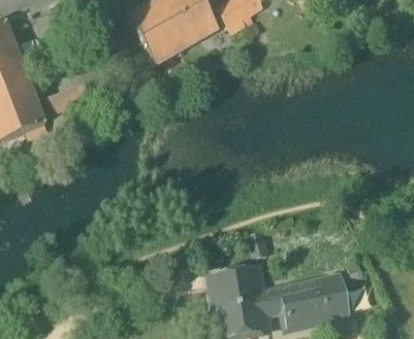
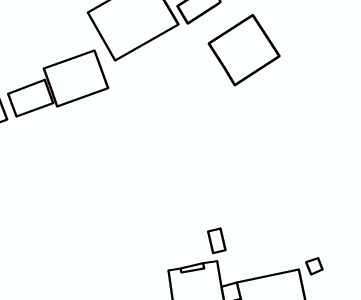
building: none -> [209,15,280,85]
building: none -> [44,50,108,107]

